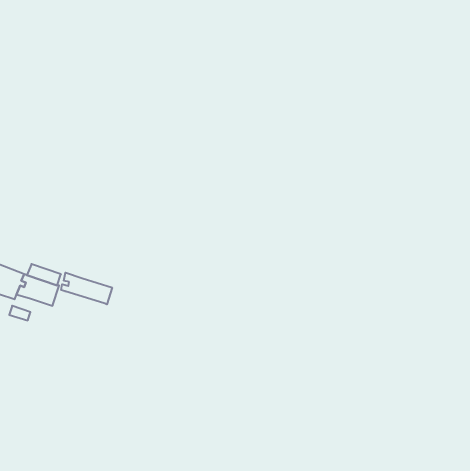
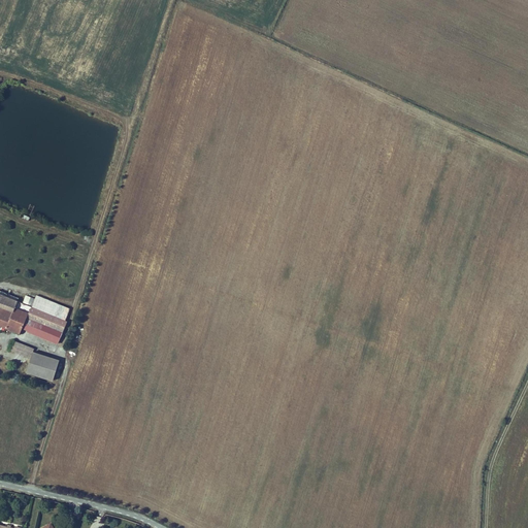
building: [61,273,112,304] -> none
building: none -> [27,353,57,381]

